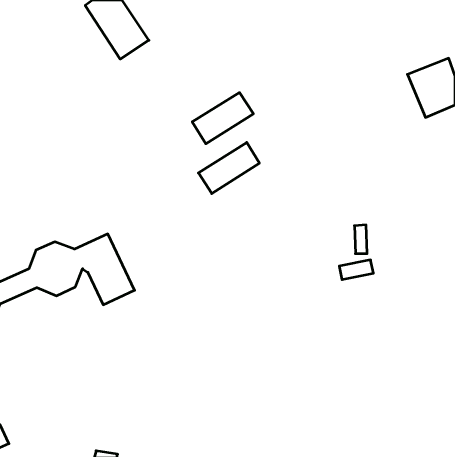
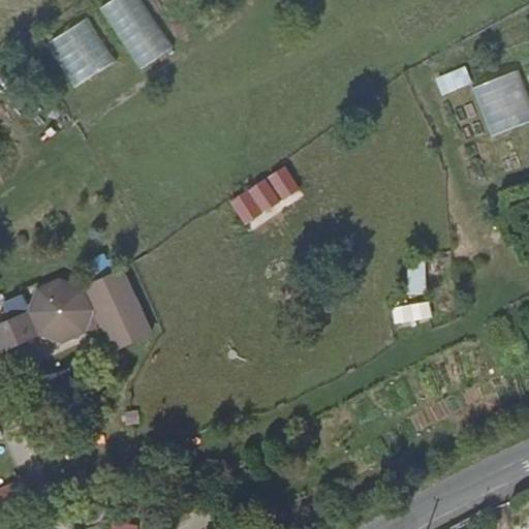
building: none -> [44,17,115,87]
building: [192,93,253,144] -> none

